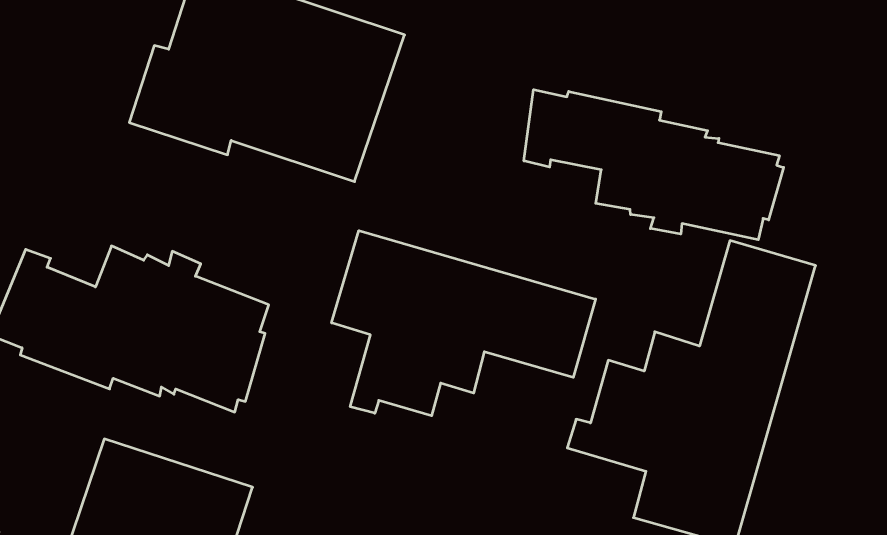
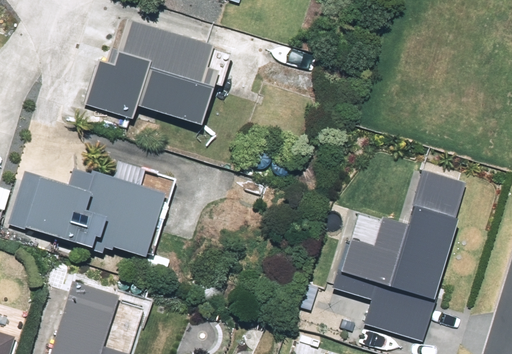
building: [524,90,784,240] -> none
building: [332,231,596,416] -> none

